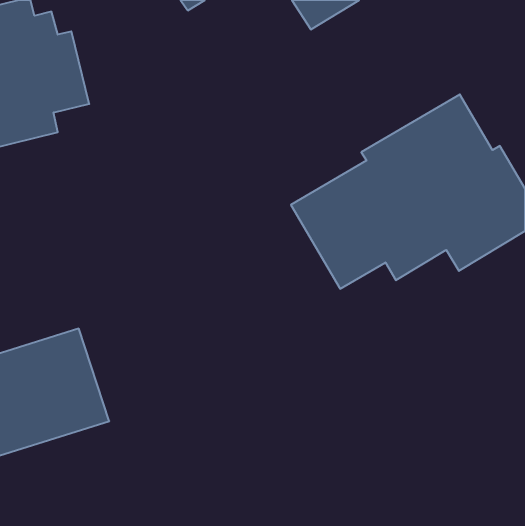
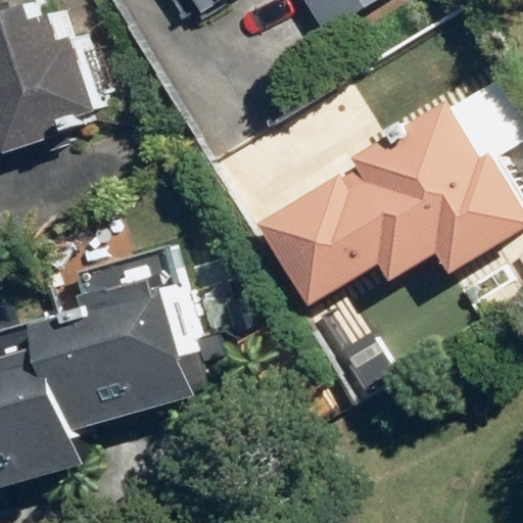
building: none -> [73,262,232,393]

